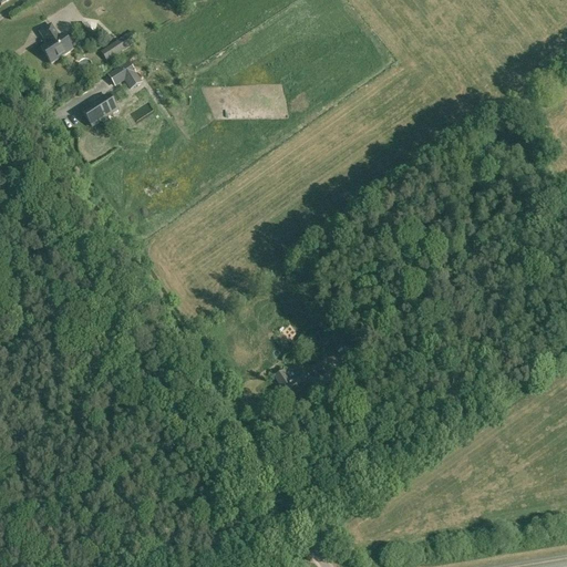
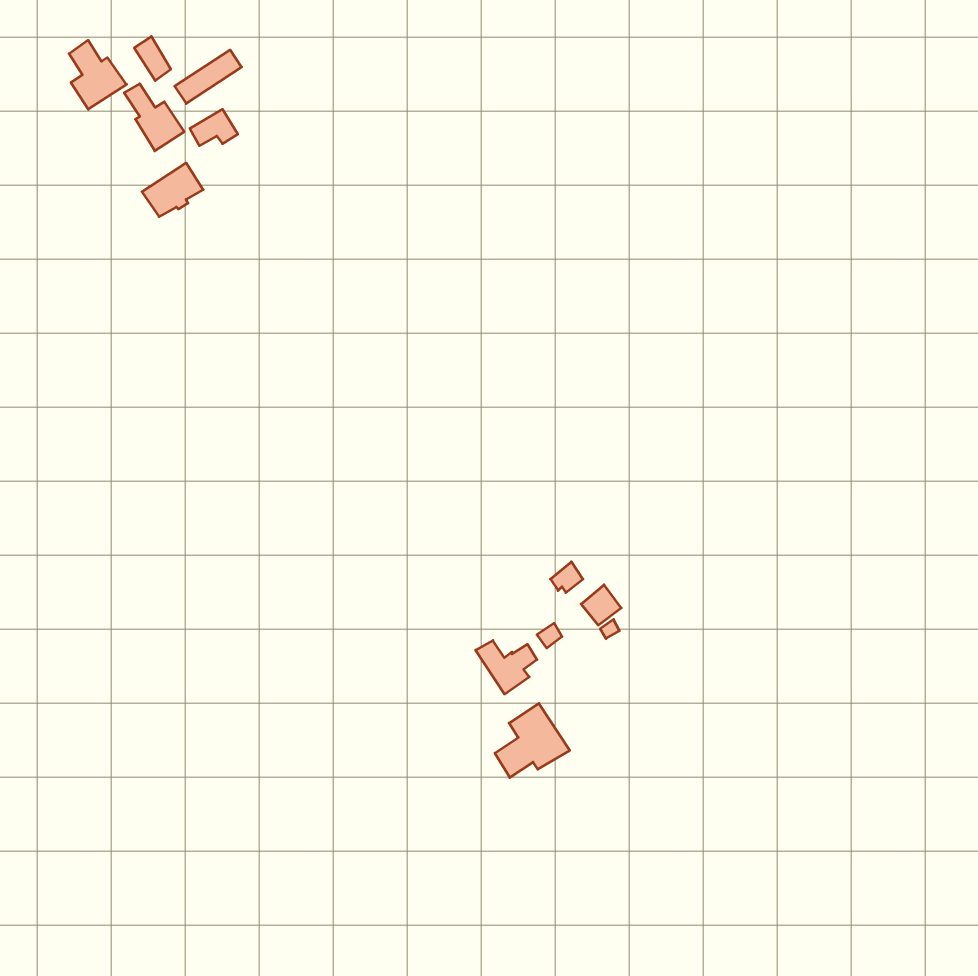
building: none -> [124,84,184,151]
building: none -> [495,703,570,778]

